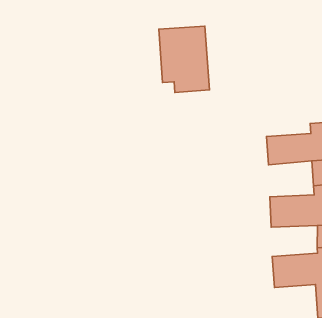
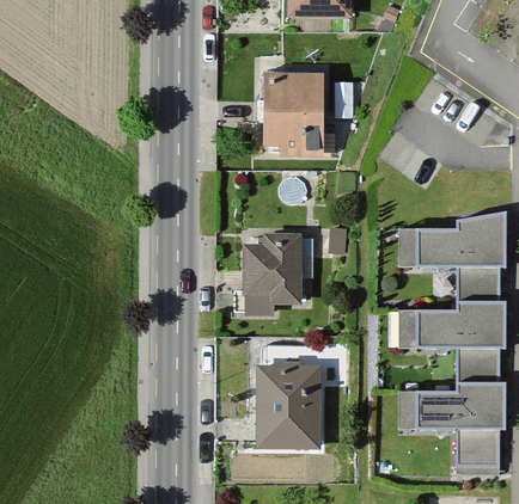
building: none -> [240,229,300,313]
building: none -> [258,364,320,448]

